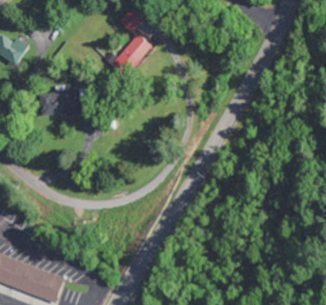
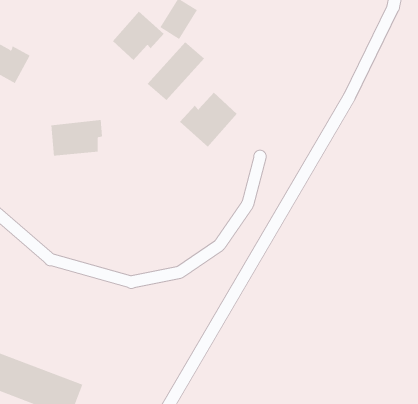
building: none -> [112,11,164,61]
building: none -> [179,92,237,147]

